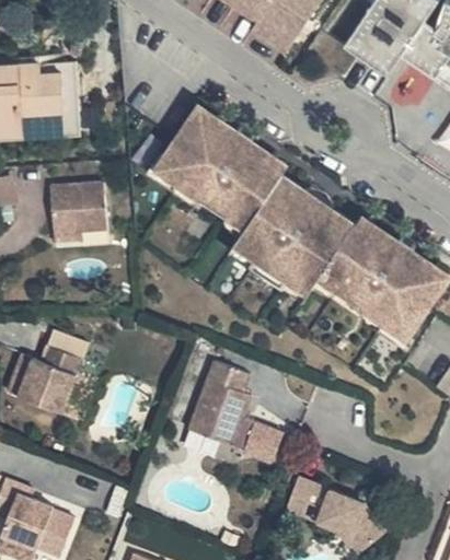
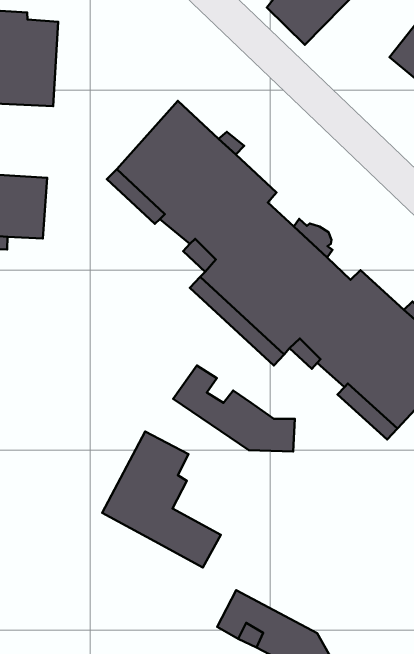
building: none -> [173,365,295,451]

